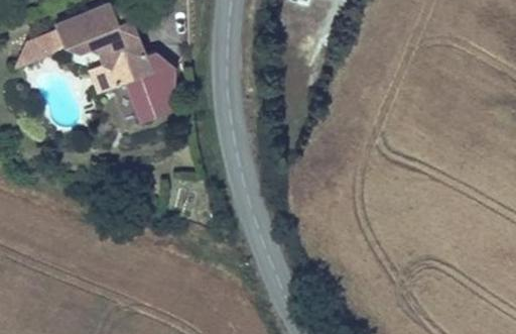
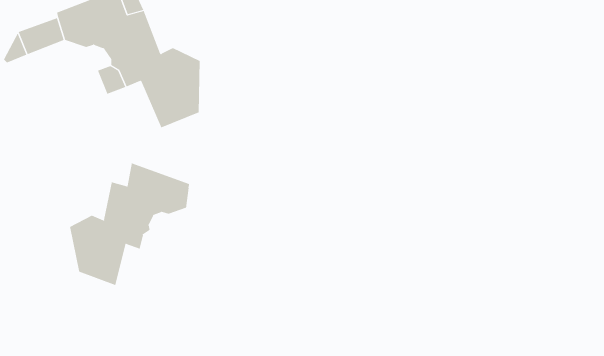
building: none -> [70,162,189,286]

